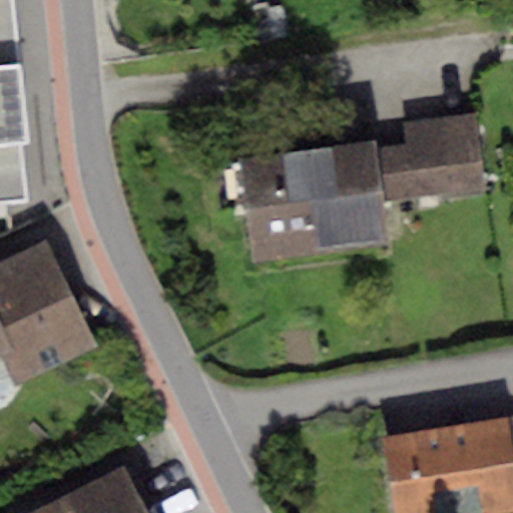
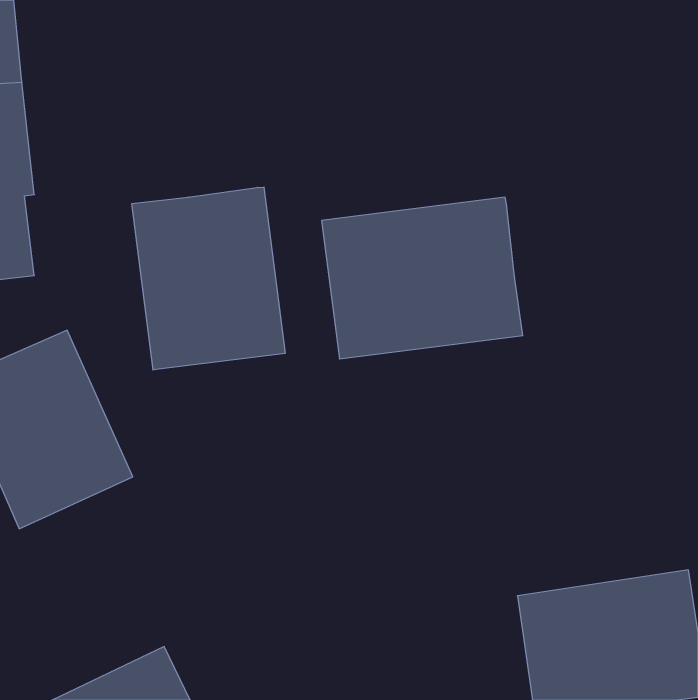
building: [371,115,482,202] -> none
building: none -> [132,187,285,370]

